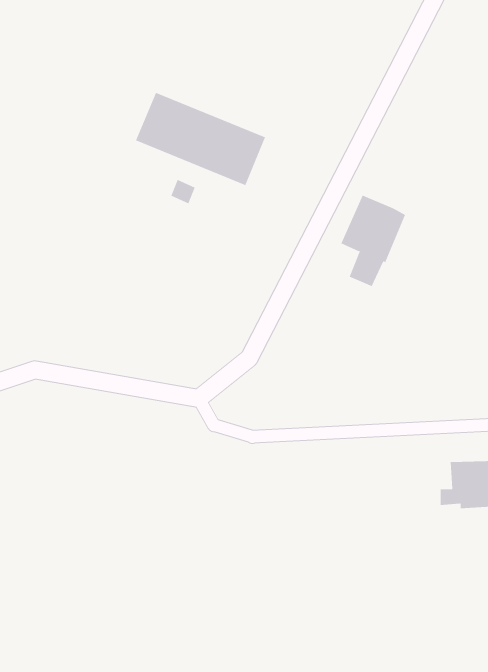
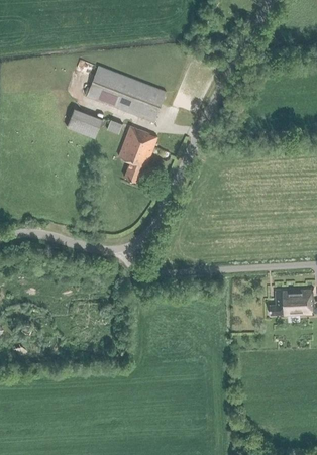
building: none -> [67,106,102,136]
building: [340,195,406,287] -> [117,126,156,182]

